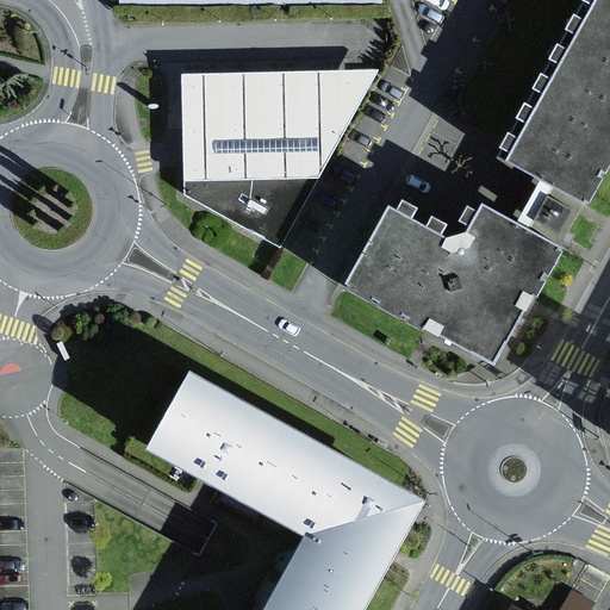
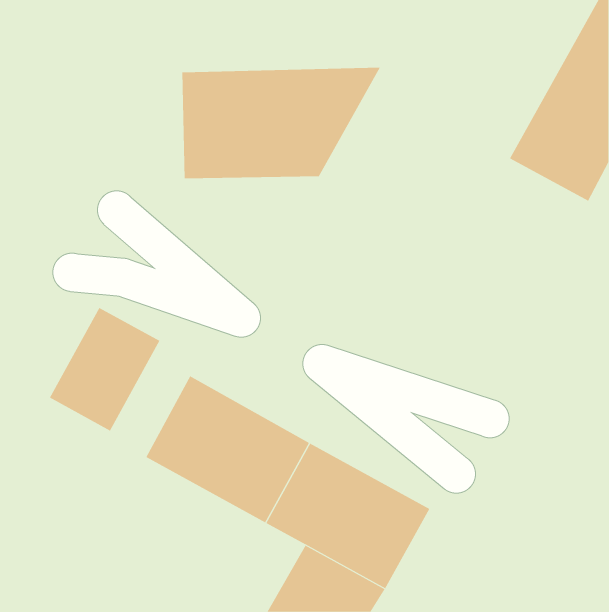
building: [182,175,317,245] -> none
building: [355,198,568,359] -> none
building: none -> [49,307,160,431]

